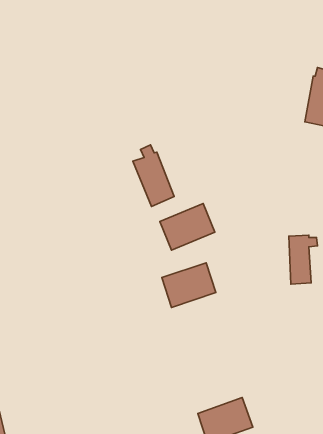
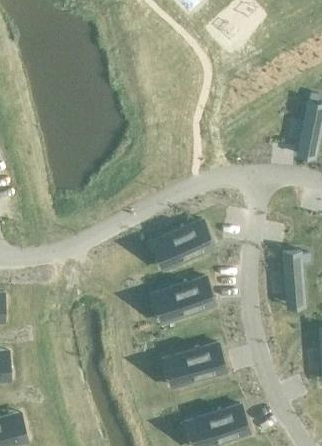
building: [133,145,174,206] -> none
building: none -> [174,344,225,385]

